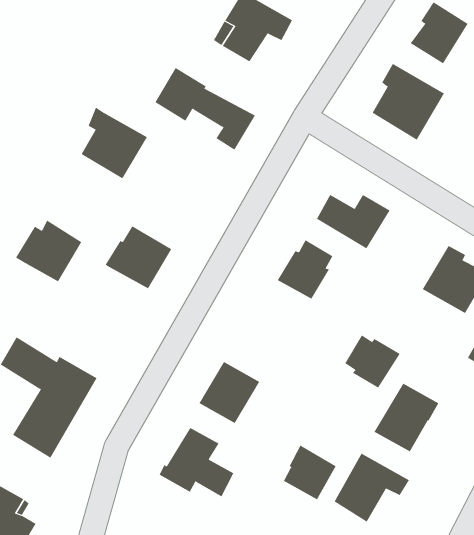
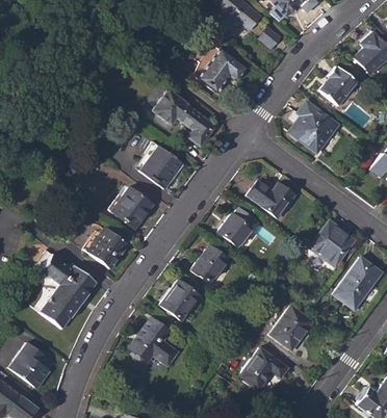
building: [81,107,148,179] -> [139,141,183,189]
building: [15,220,82,282] -> [83,228,127,268]
building: none -> [190,244,228,284]
building: [344,335,401,389] -> none
building: [283,445,336,500] -> none

